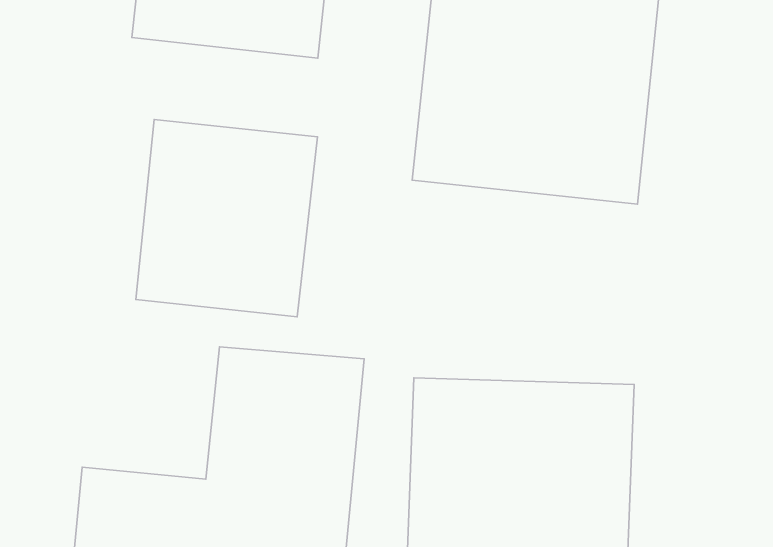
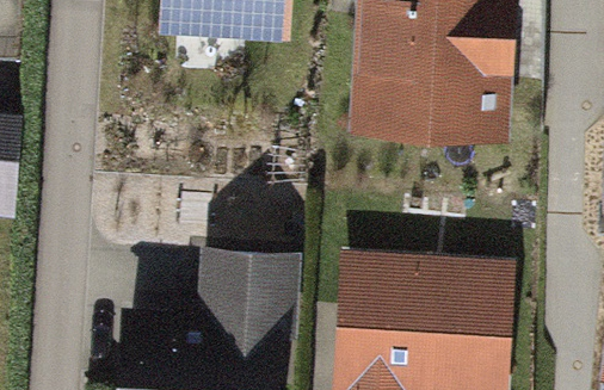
building: [136,119,318,317] -> none

